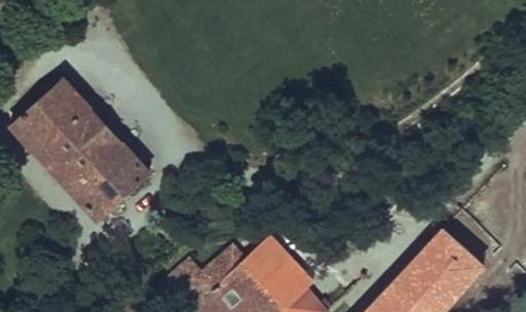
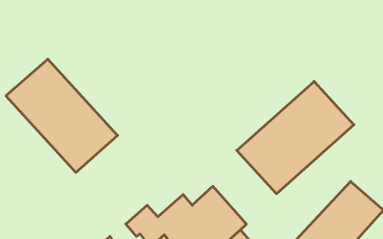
building: none -> [237,81,354,194]

